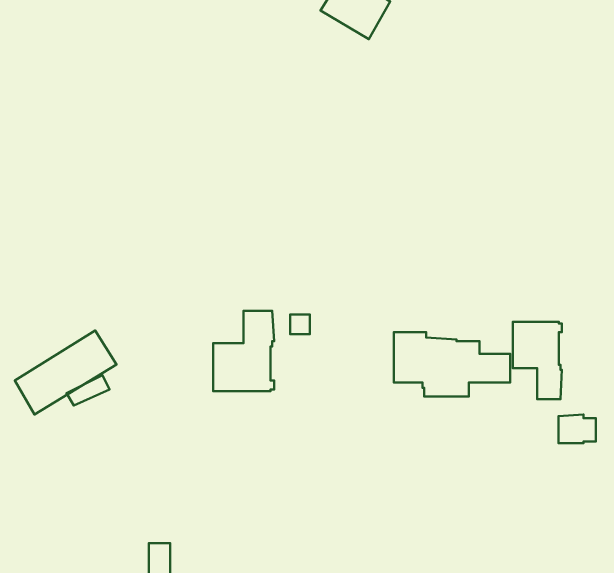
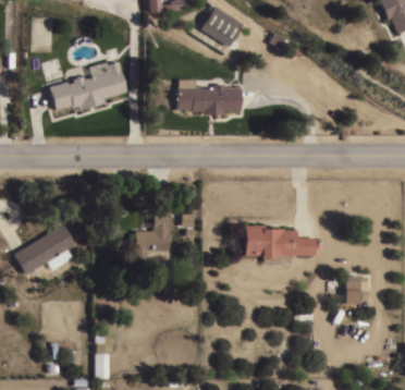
building: none -> [49,61,127,110]
building: none -> [176,80,241,114]
building: [513,322,562,399] -> none

